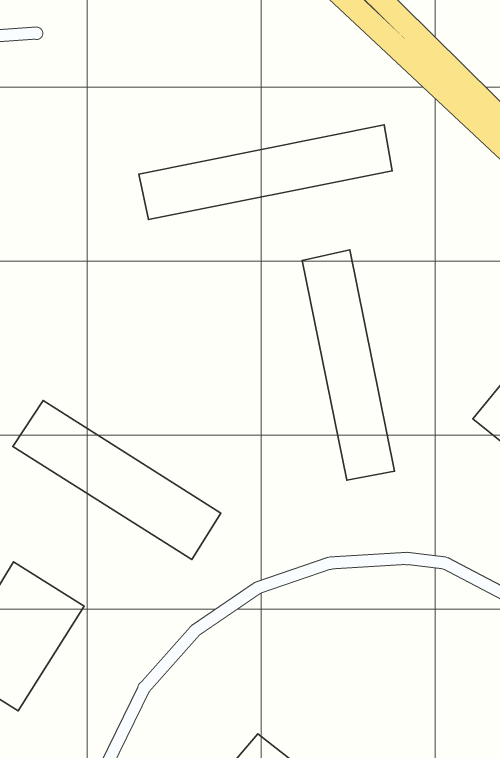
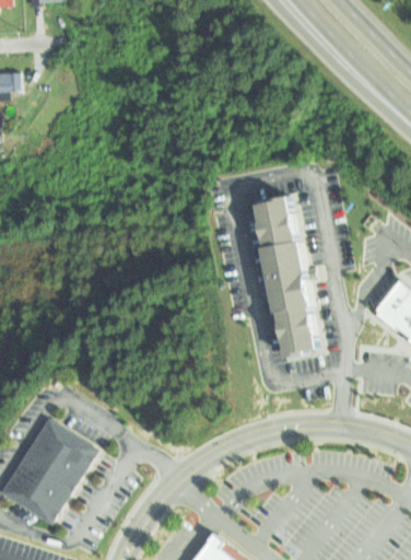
building: [139,125,392,220] -> none
building: [13,400,221,560] -> none

